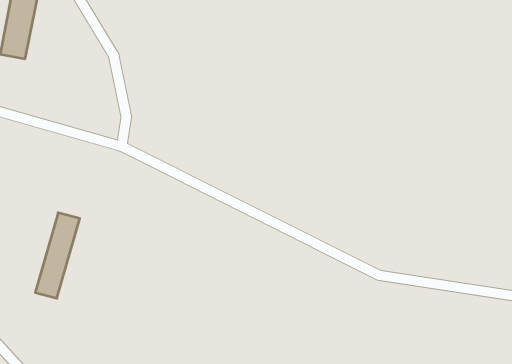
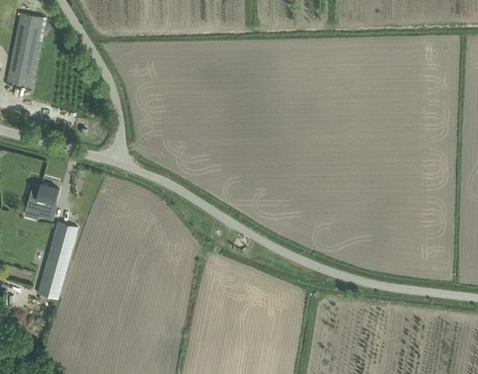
building: none -> [26,183,58,219]

